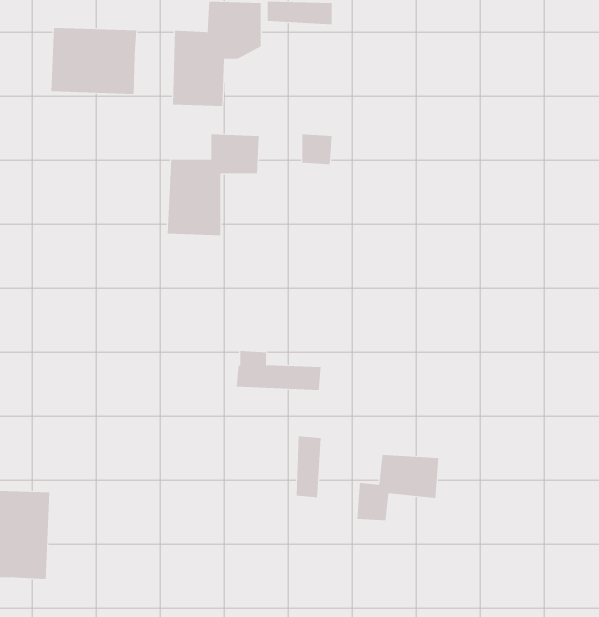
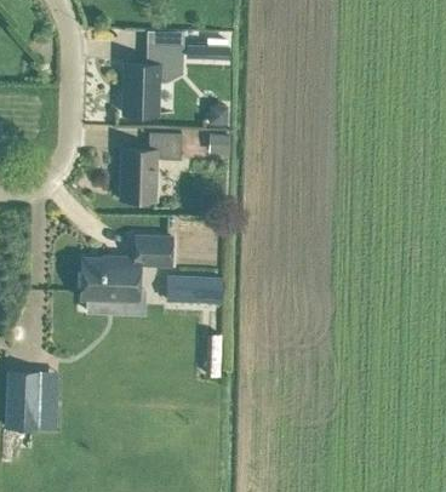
building: [51,27,137,95] -> none
building: none -> [82,236,172,302]
building: [357,454,439,521] -> none

